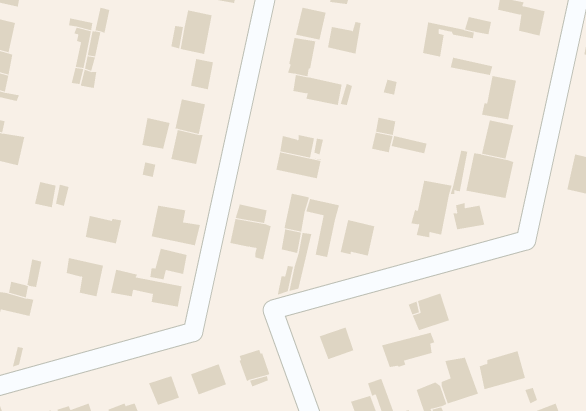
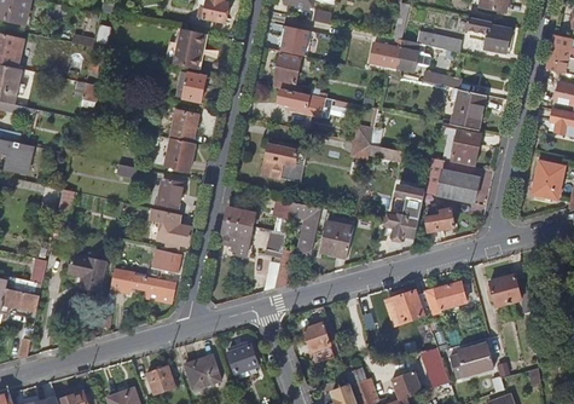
building: [327,21,361,54] -> [371,37,402,68]
building: [142,118,170,149] -> [157,178,184,207]
building: [85,215,122,244] -> none
building: none -> [488,273,528,311]
building: [381,332,435,367] -> [418,281,468,313]

